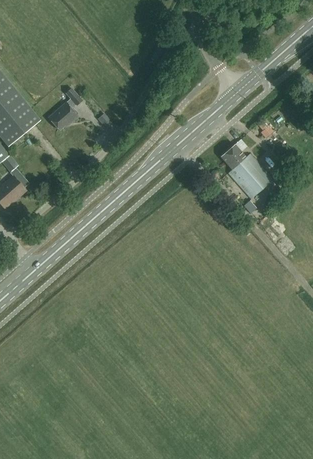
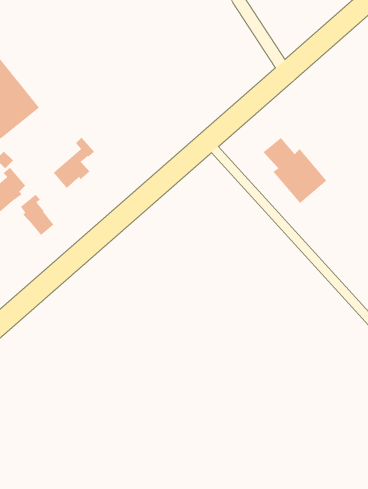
building: [46,89,80,131] -> [53,137,95,189]
building: none -> [20,194,54,236]

